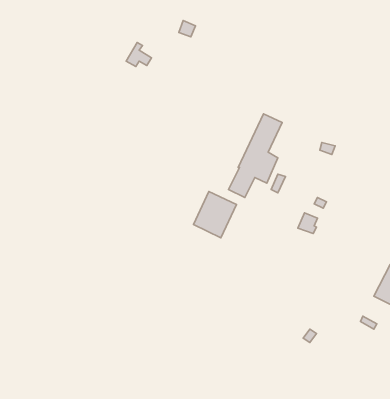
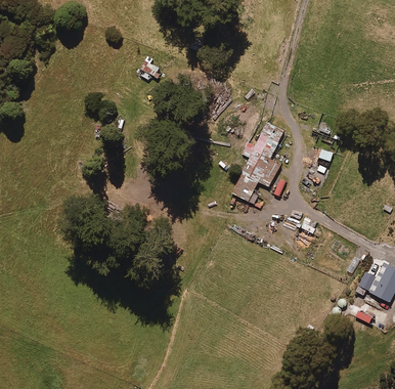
building: [193,191,236,238] -> none

